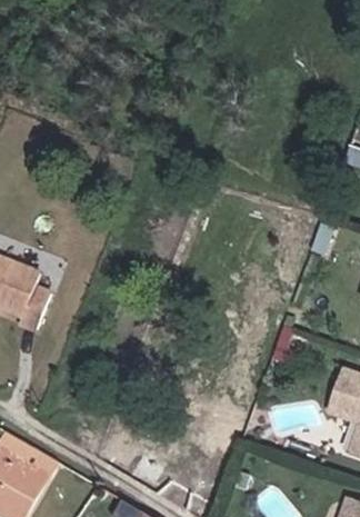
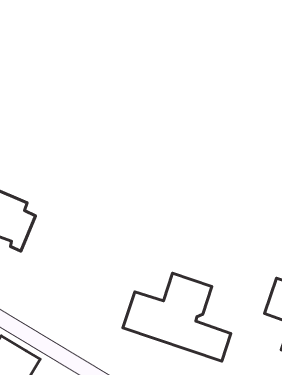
building: none -> [123,273,231,361]

